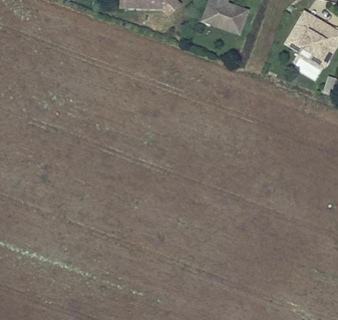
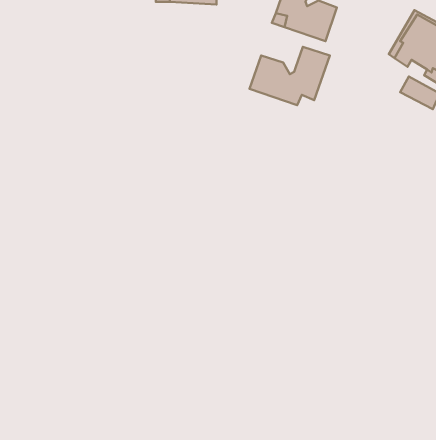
building: none -> [249,47,330,105]

